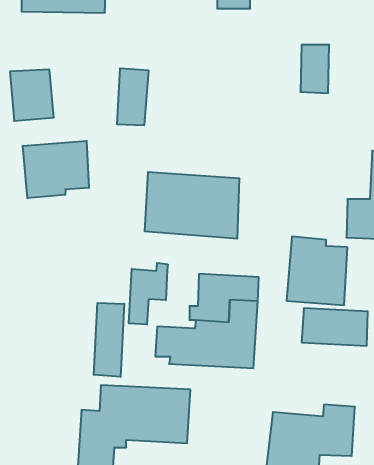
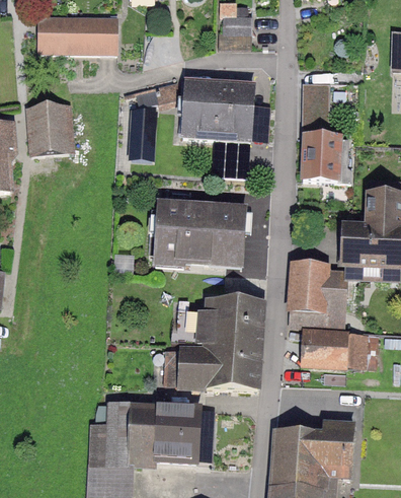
building: none -> [179,82,253,174]
building: none -> [302,134,351,180]
building: [23,141,89,198] -> none
building: [129,263,168,325] -> none
building: [94,303,124,377] -> none

